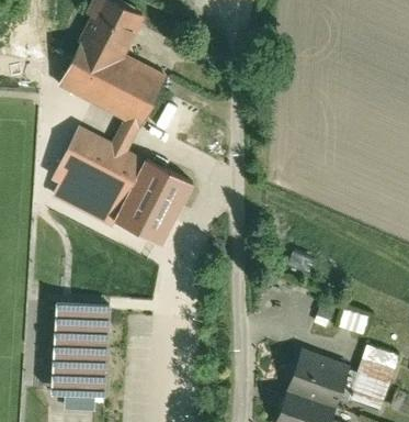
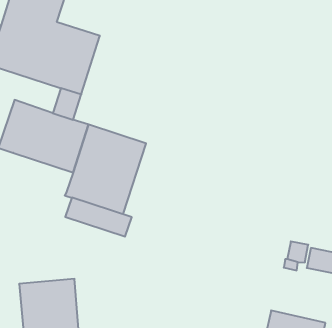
building: [59,175,123,219] -> [65,198,132,237]

